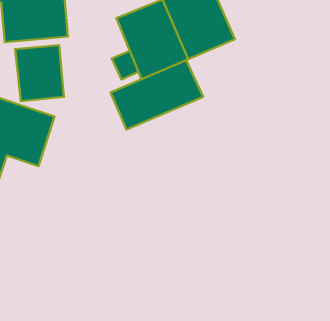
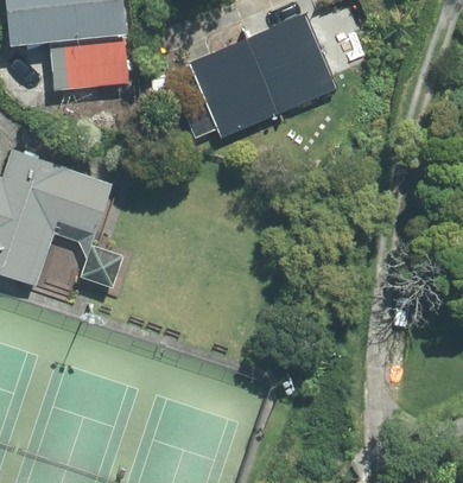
building: [15,45,64,101] -> none
building: [111,60,203,130] -> none

